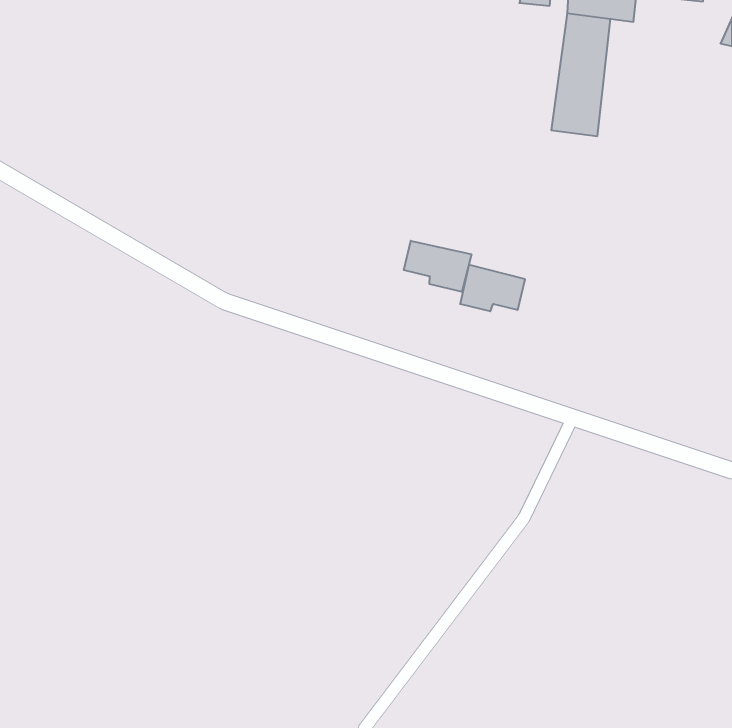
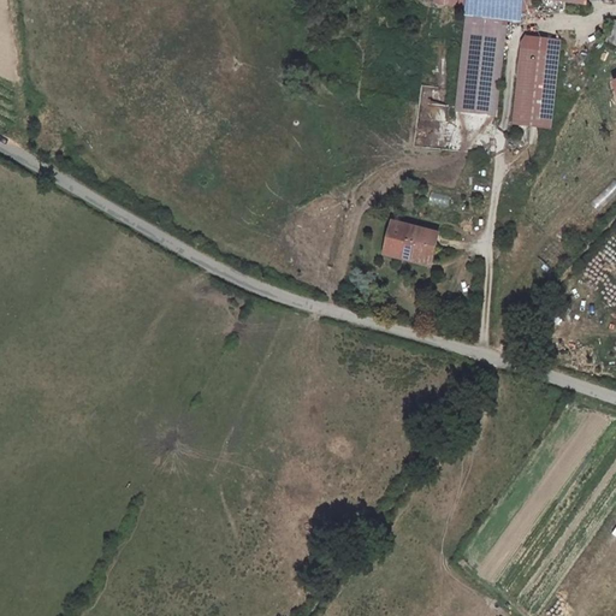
building: none -> [508,29,556,120]
building: [404,241,471,292] -> none

